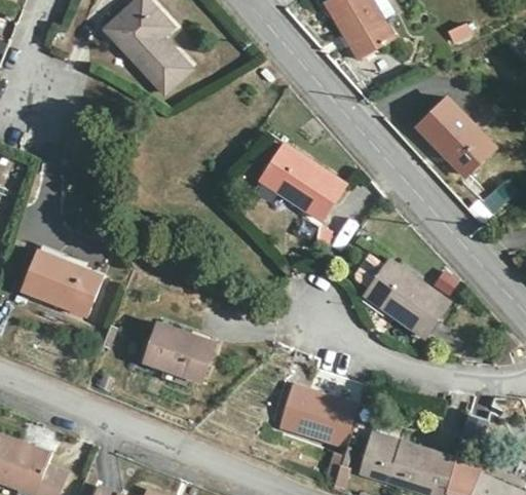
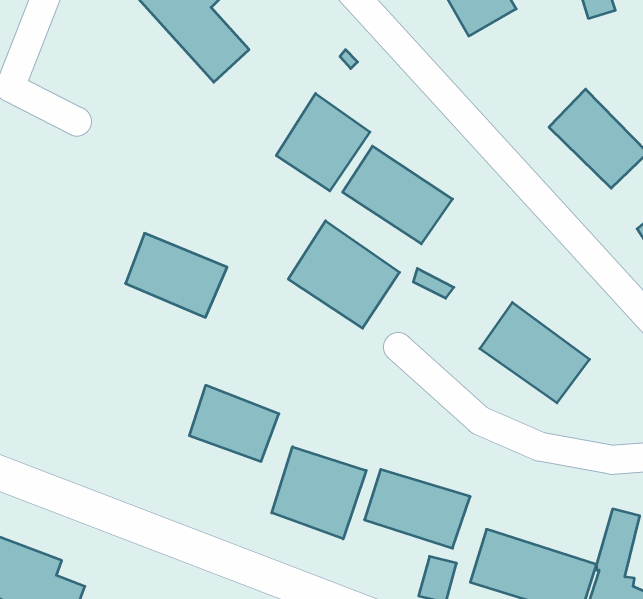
building: none -> [276,93,370,191]
building: none -> [288,221,400,328]
building: [25,252,102,315] -> [125,233,227,317]
building: none -> [272,447,366,539]

